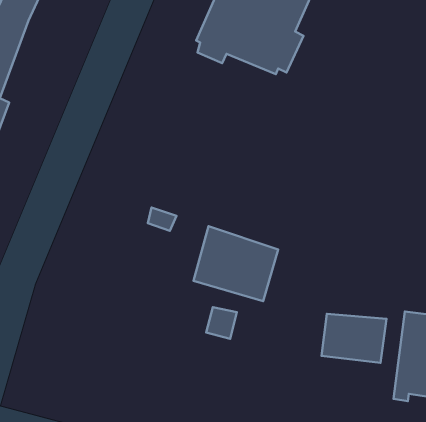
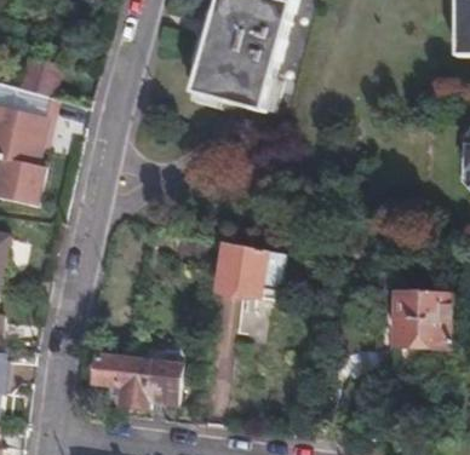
building: [321,314,386,363] -> none
building: none -> [96,353,184,410]

